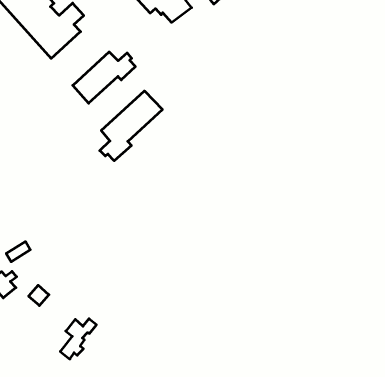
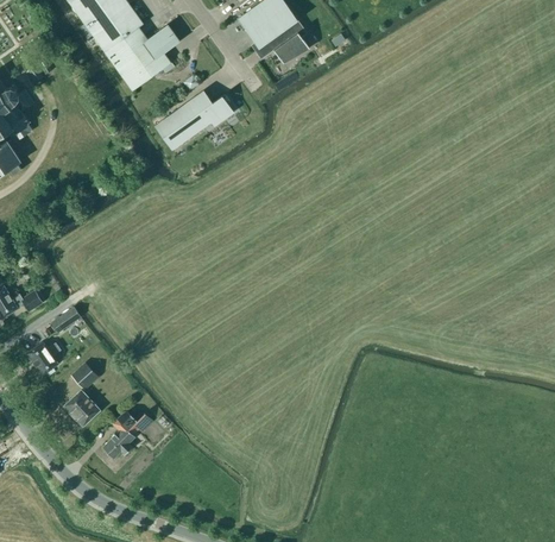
building: [100,91,162,161] -> none
building: none -> [64,390,100,426]

